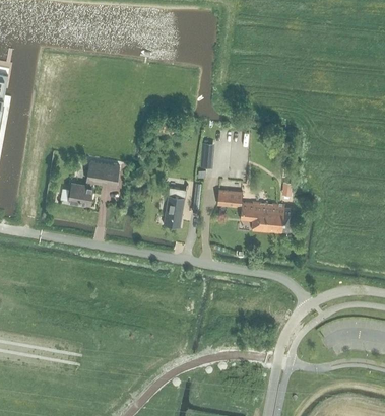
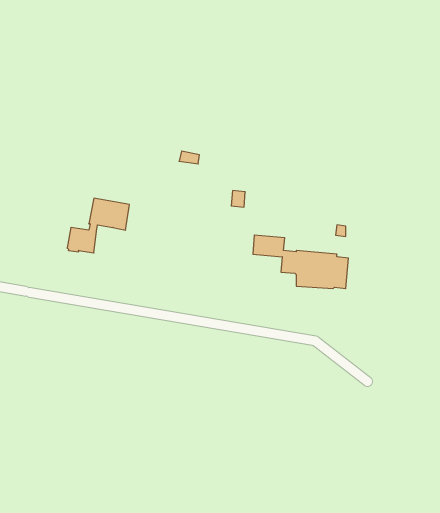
building: [164,186,186,226] -> none

